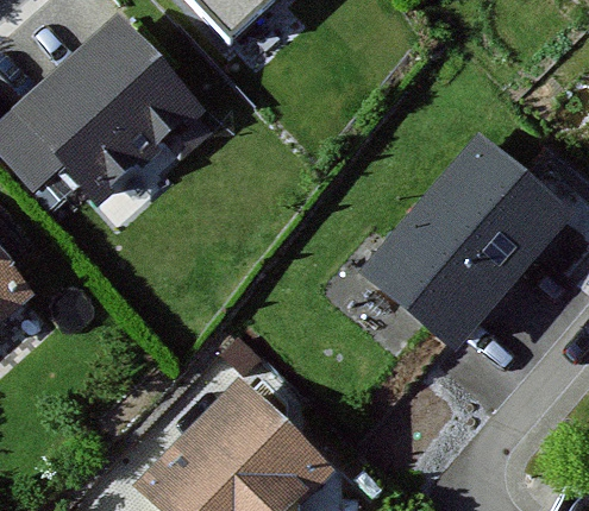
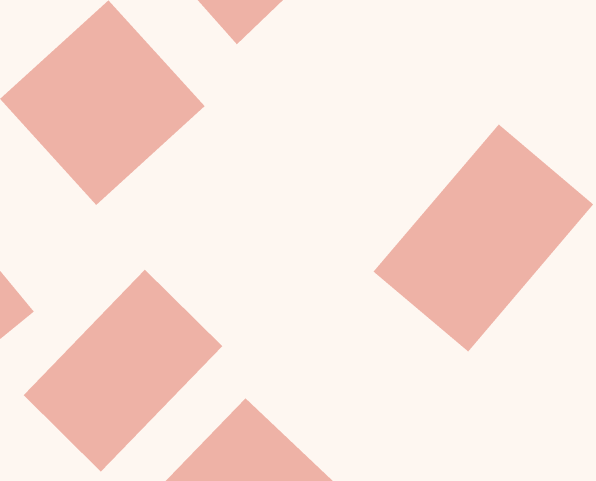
building: none -> [23,269,223,473]

